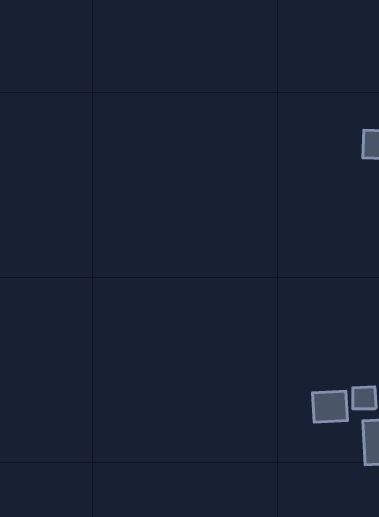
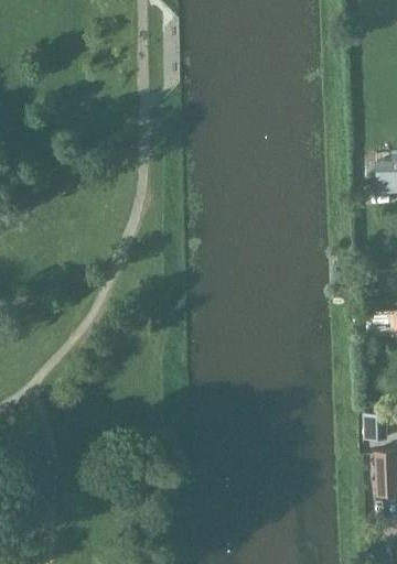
building: [313,391,347,422] -> none

